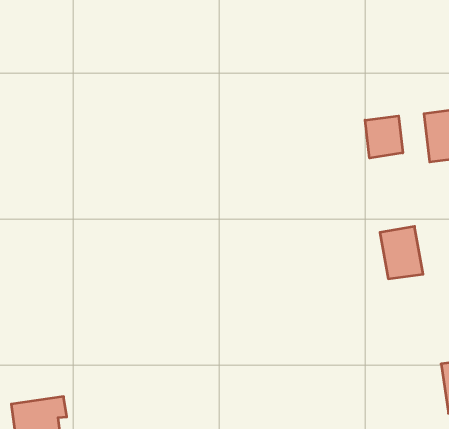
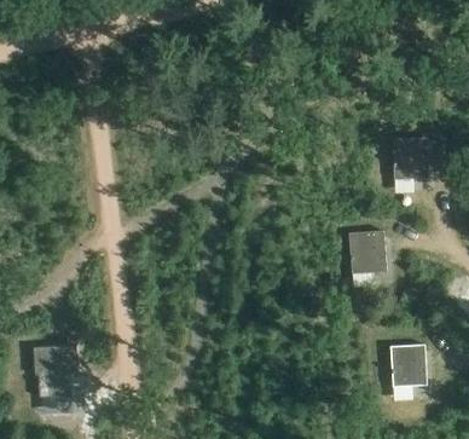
building: [365,116,403,158] -> none

